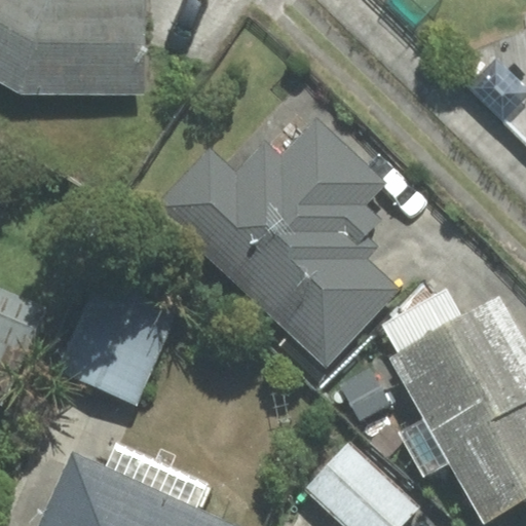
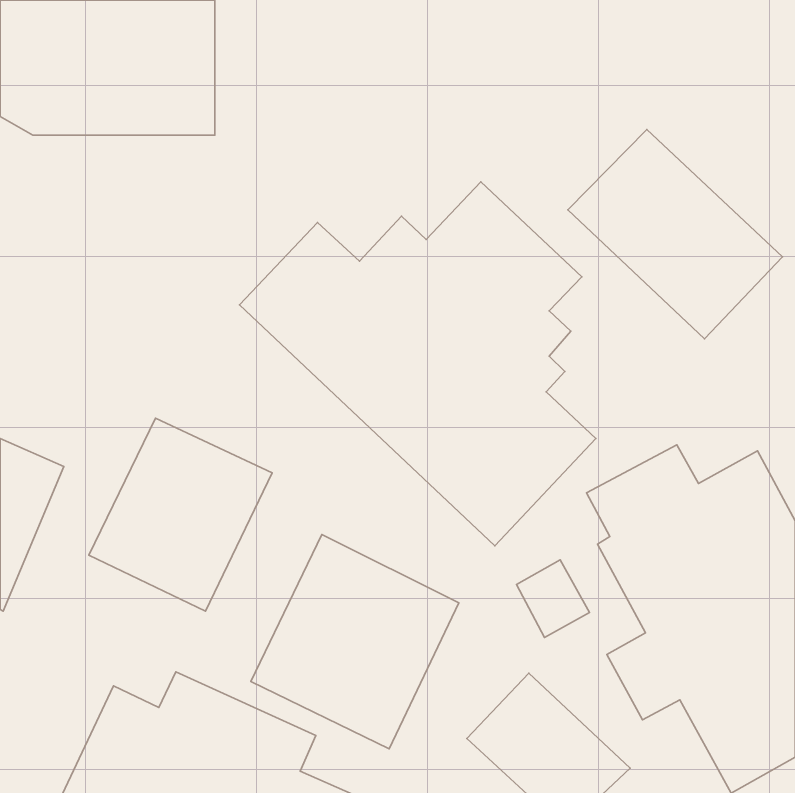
building: none -> [568,129,783,339]
building: none -> [251,535,459,749]

